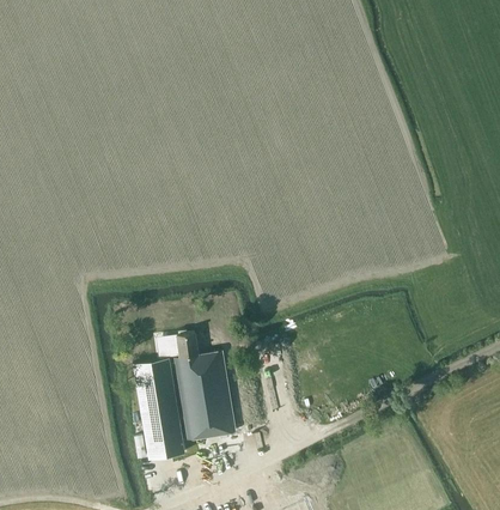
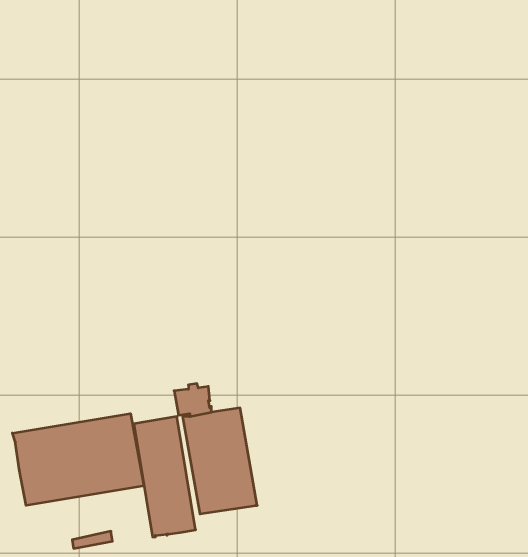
building: none -> [12,414,144,505]

